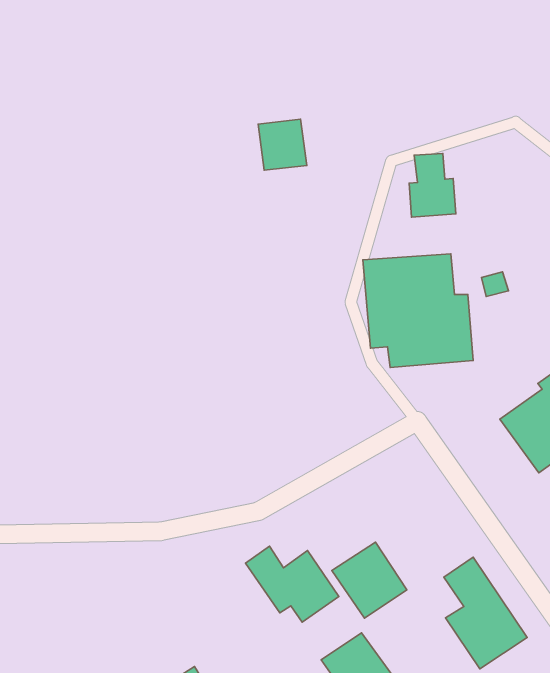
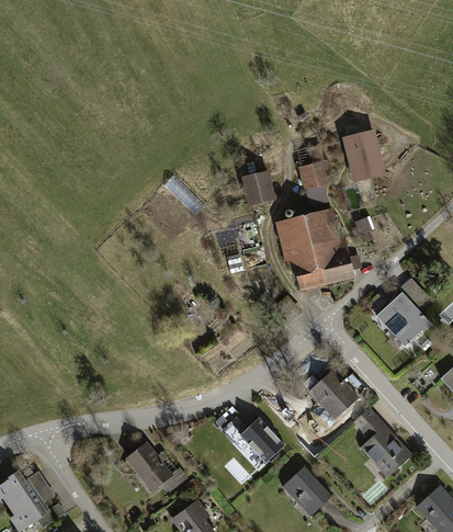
building: [258,119,307,170] -> [241,169,276,205]
building: none -> [343,128,385,180]
building: [332,542,407,618] -> [308,366,359,417]
building: none -> [124,442,188,491]

